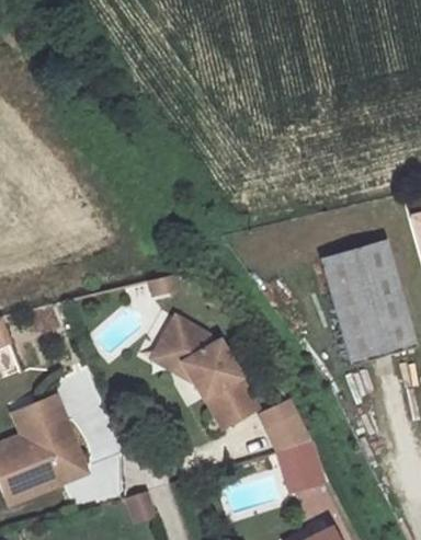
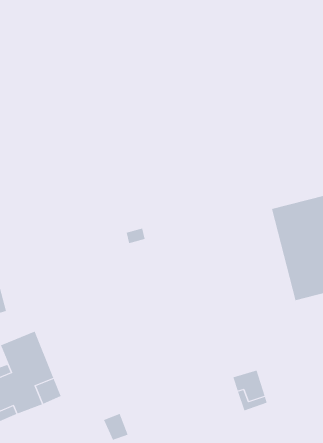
building: [152,318,255,428] -> none
building: [259,400,308,451] -> none

